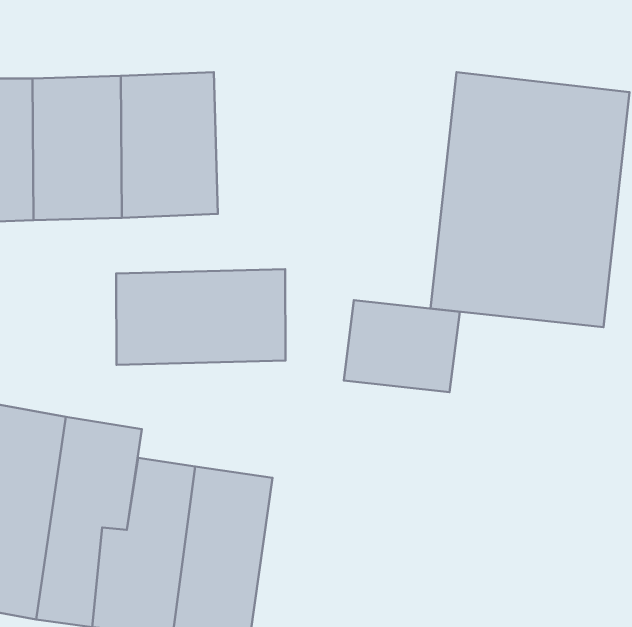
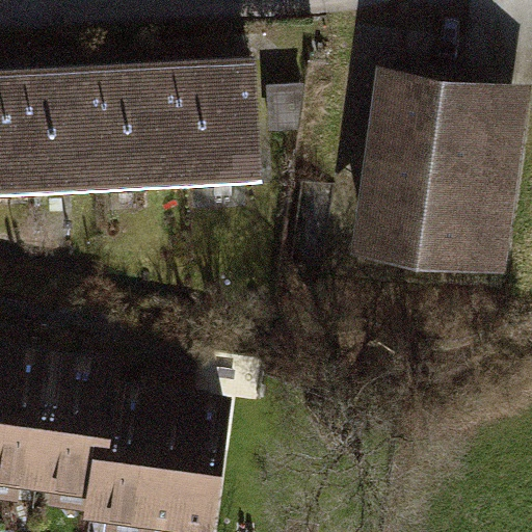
building: none -> [179,65,249,186]
building: [116,269,286,365] -> none
building: [344,300,460,392] -> none

